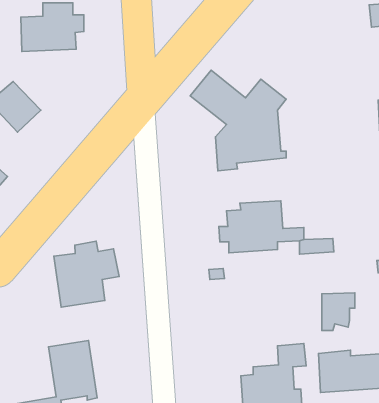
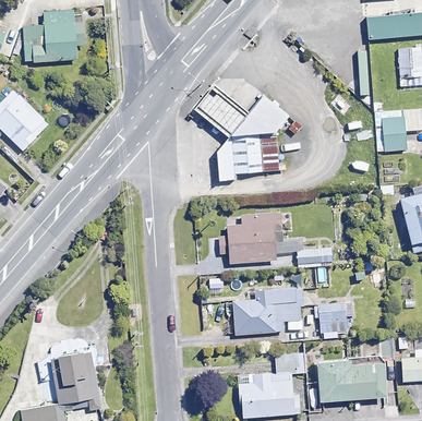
building: [54,241,119,307] -> none
building: none -> [232,285,304,334]

